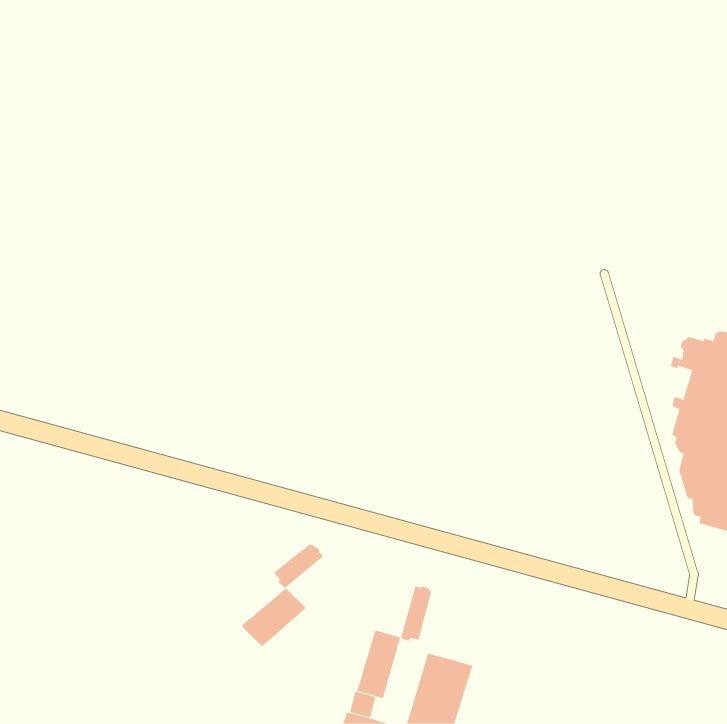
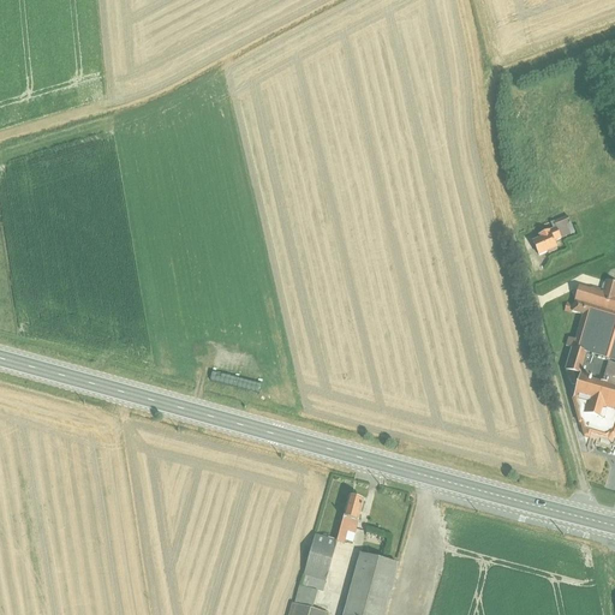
building: none -> [533,213,577,255]
building: [241,543,324,647] -> none

